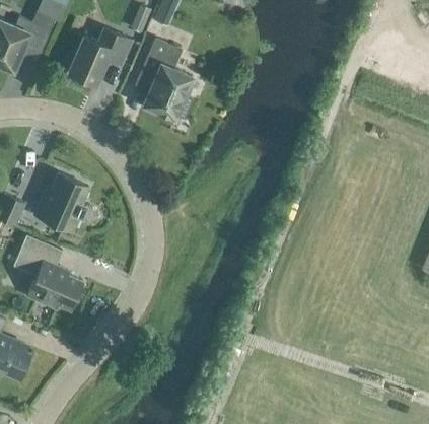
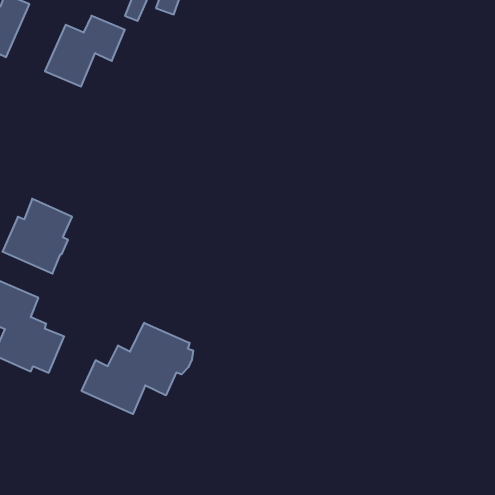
building: [135,41,192,119] -> none
building: none -> [82,323,193,414]

